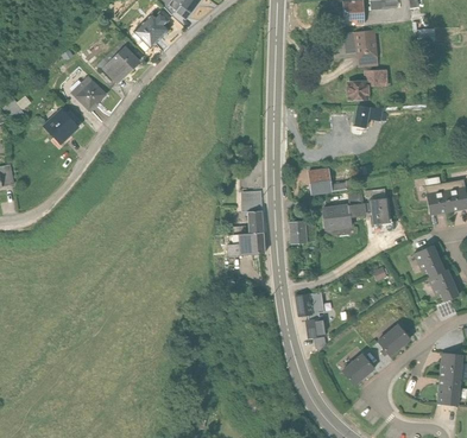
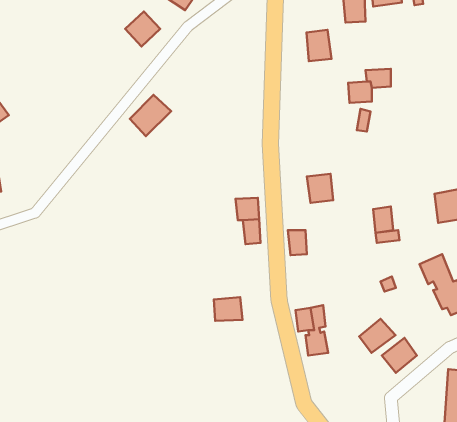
building: [353,28,377,58] -> [306,30,331,61]
building: [101,45,140,84] -> [130,95,171,136]
building: [69,75,106,110] -> none
building: [42,107,80,145] -> none
building: [322,203,353,230] -> none
building: [238,233,265,255] -> [214,297,243,321]
building: [342,354,377,386] -> [359,319,395,353]

